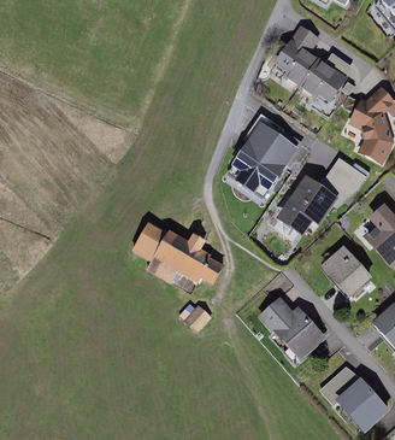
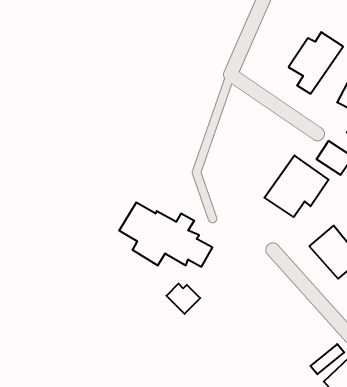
building: [273,24,318,86] -> none
building: [226,118,295,192] -> none
building: [257,294,324,359] -> none

